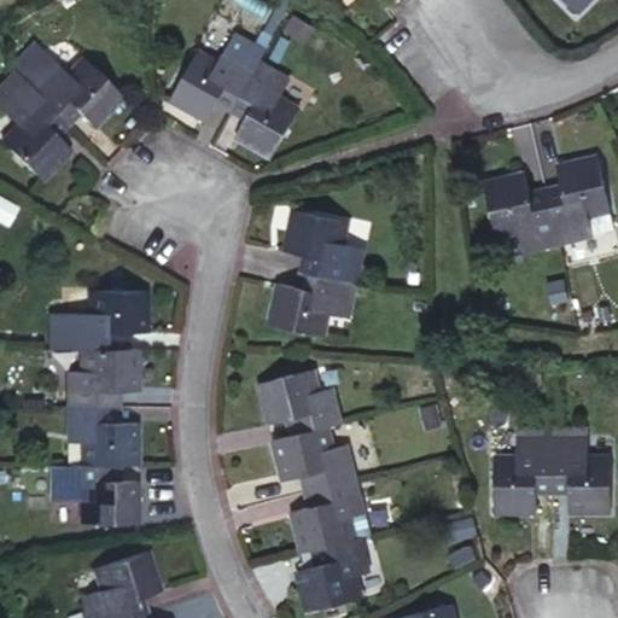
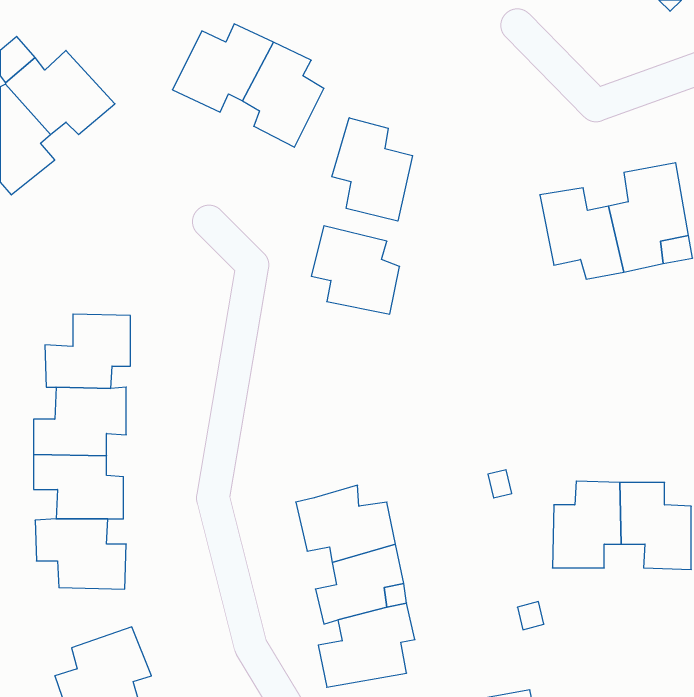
building: none -> [332,118,413,221]
building: [270,276,355,340] -> none
building: [257,373,345,445] -> none

